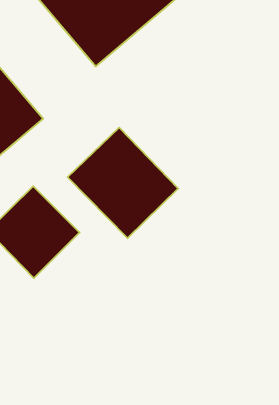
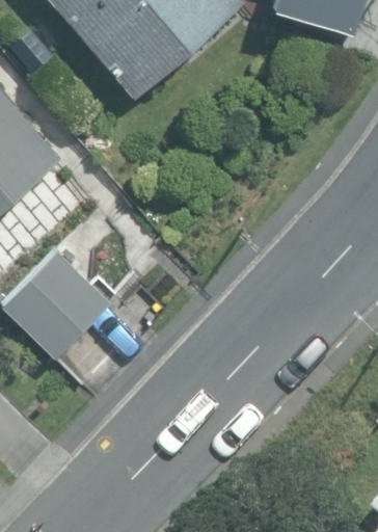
building: [68,128,178,238] -> none

